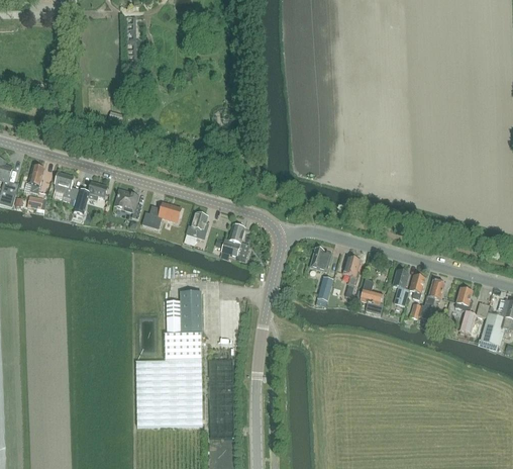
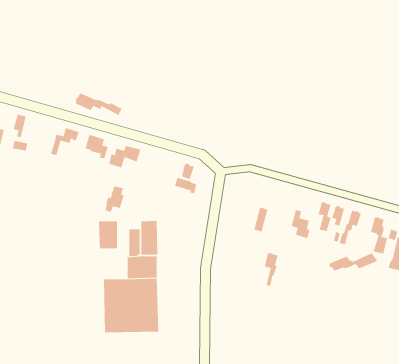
building: none -> [74,92,122,116]
building: [54,172,80,200] -> none
building: [185,212,209,245] -> [104,186,125,213]
building: [310,248,332,272] -> none
building: [343,256,361,297] -> [264,252,278,287]
building: none -> [98,221,117,249]
building: none -> [328,252,378,271]

